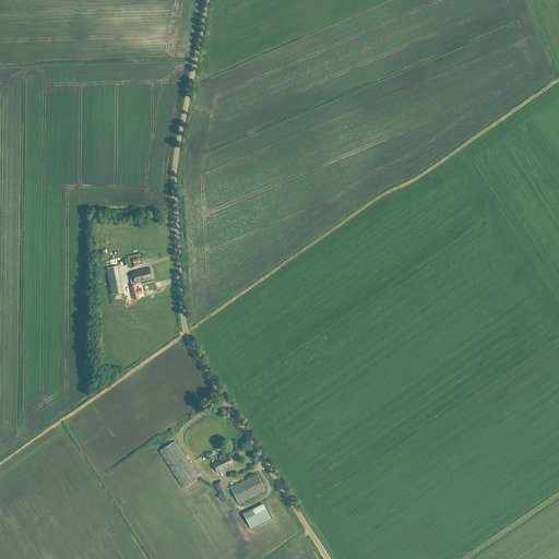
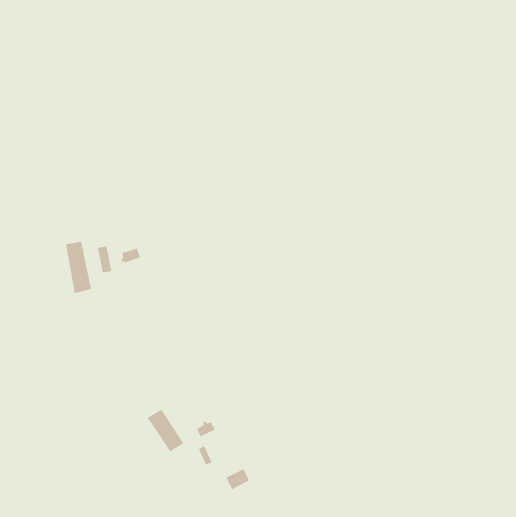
building: none -> [66,241,91,294]
building: [230,475,264,503] -> none

